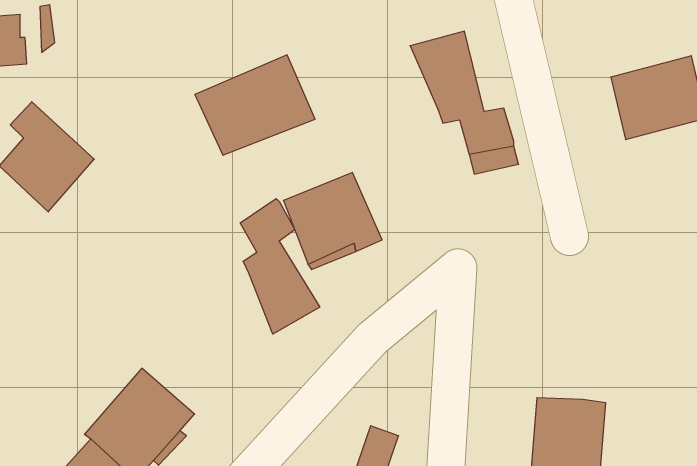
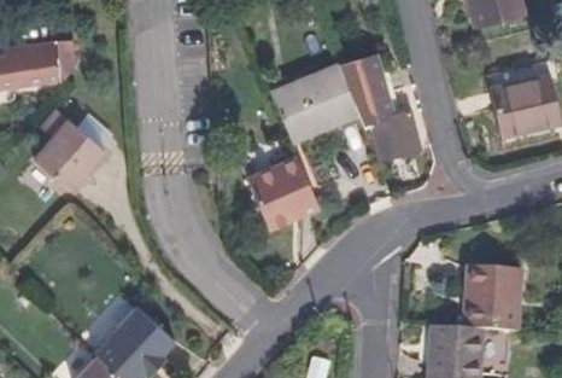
building: [195,55,315,155] -> [270,66,358,140]
building: [240,199,320,334] -> none
building: none -> [462,264,516,331]

